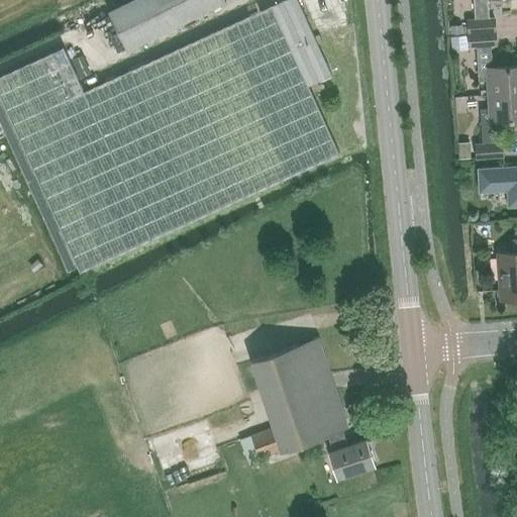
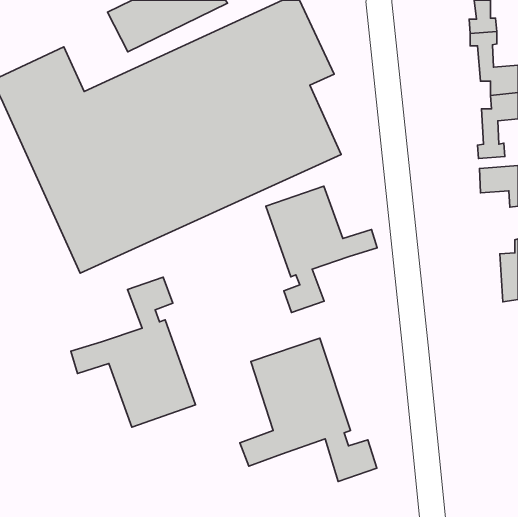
building: none -> [266,186,377,312]
building: none -> [71,277,195,427]

